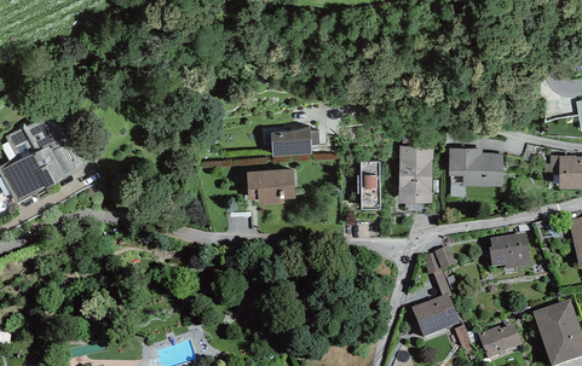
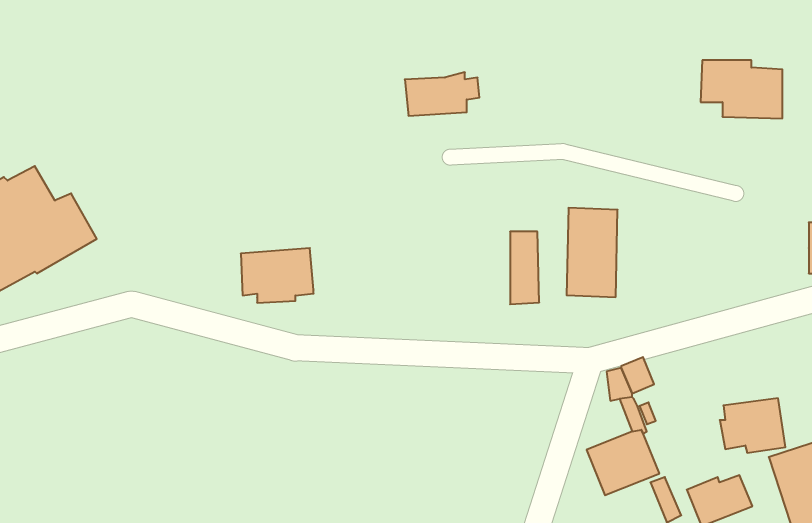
building: [270,127,319,156] -> [405,72,479,116]
building: [448,147,502,186] -> [701,60,782,118]
building: [247,168,295,204] -> [241,248,314,303]
building: [488,232,531,268] -> [720,398,785,453]

